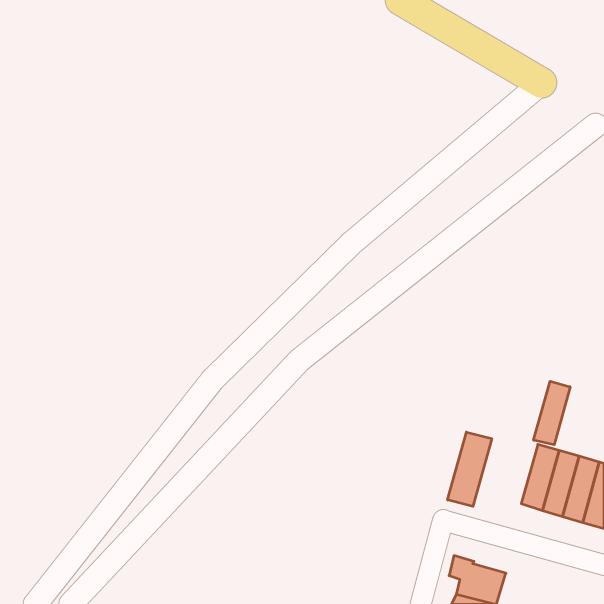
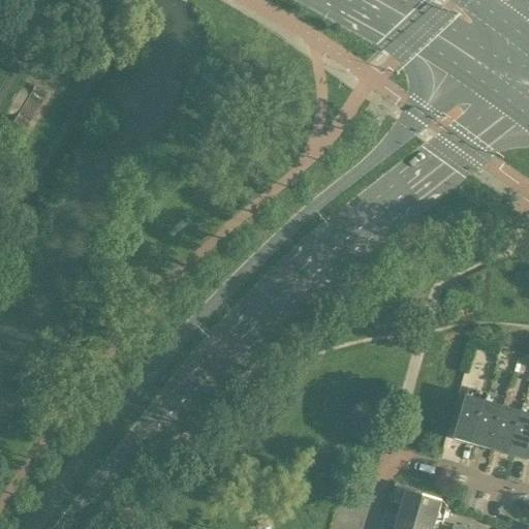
building: [534,381,570,445] -> none
building: [448,432,492,506] -> none

